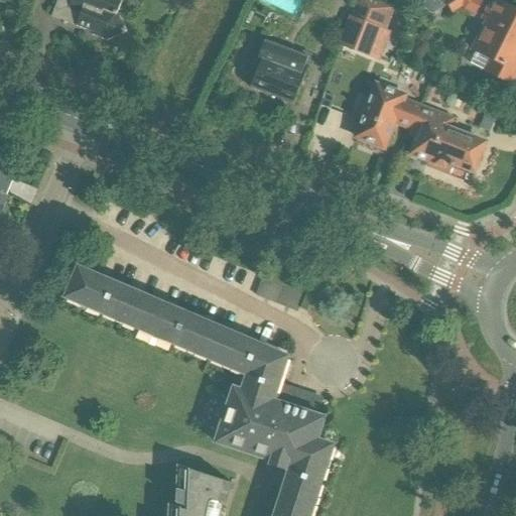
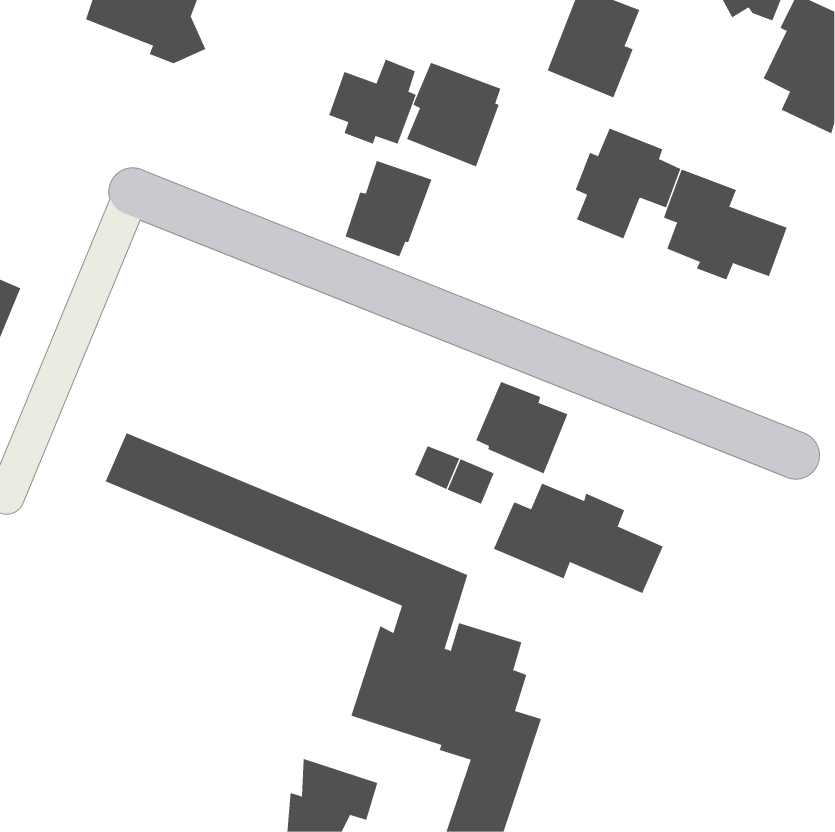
building: none -> [328,59,416,145]
building: none -> [345,160,432,257]
building: none -> [475,381,568,474]
building: none -> [493,483,663,594]

